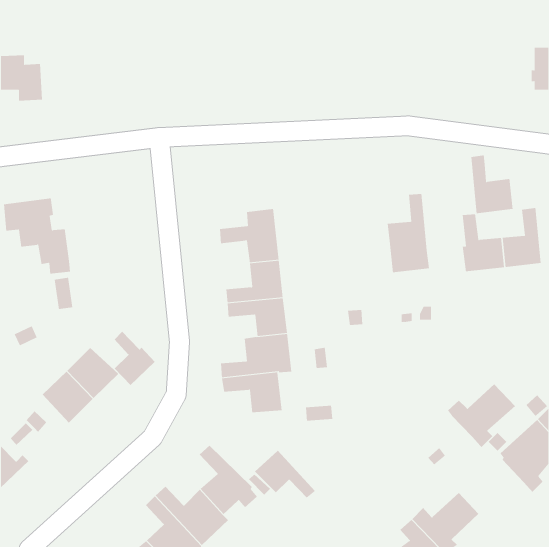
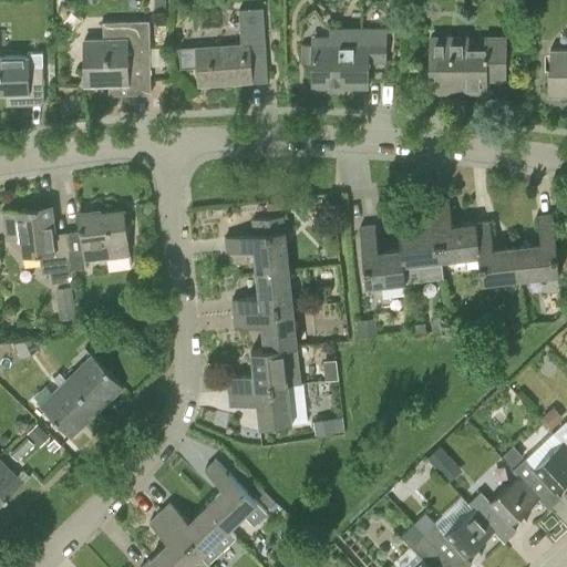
building: none -> [179,10,268,87]
building: none -> [84,22,151,96]
building: none -> [309,31,382,89]
building: none -> [431,37,505,93]
building: [471,155,514,214] -> [435,199,480,260]
building: none -> [68,209,132,271]
building: none -> [360,226,404,288]
building: [114,331,155,386] -> none
building: [447,384,516,449] -> [468,476,539,544]
building: [254,450,316,499] -> none

